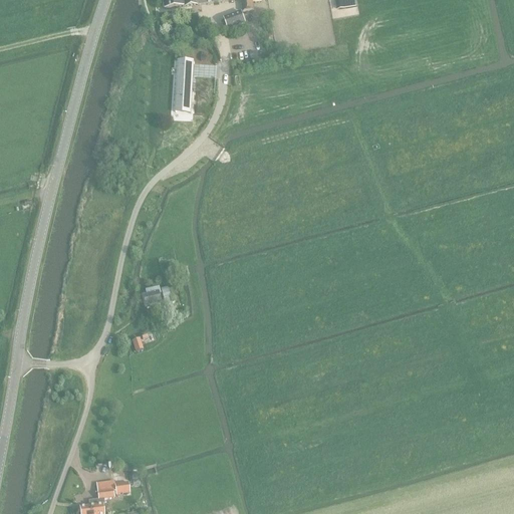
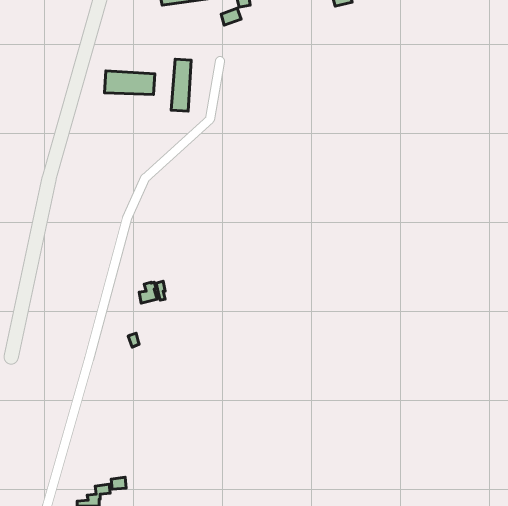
building: none -> [104,71,155,95]

